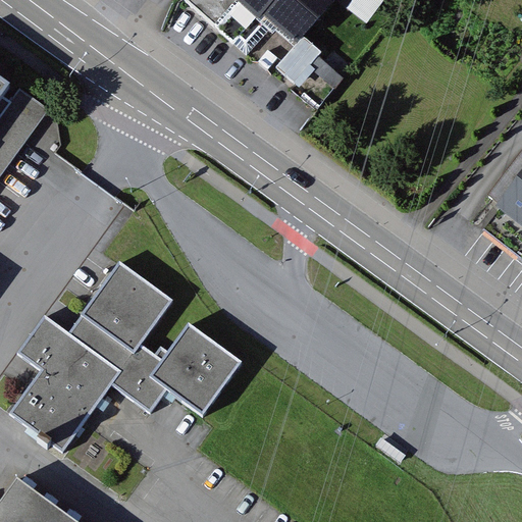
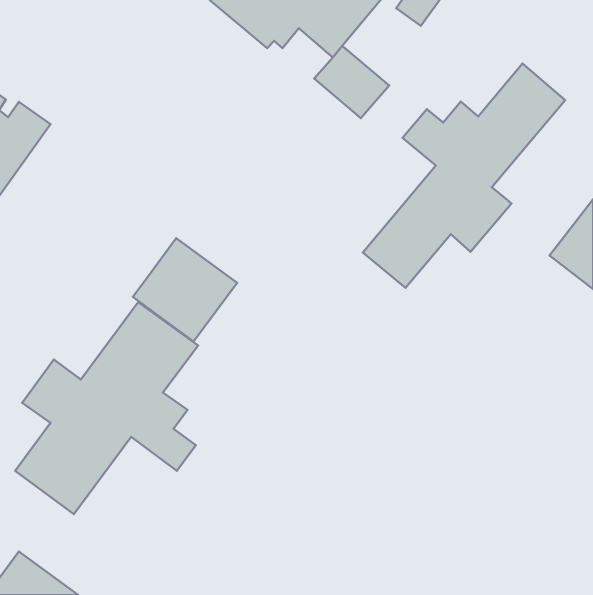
building: none -> [363,63,565,288]
building: [151,322,242,412] -> [133,238,237,341]

